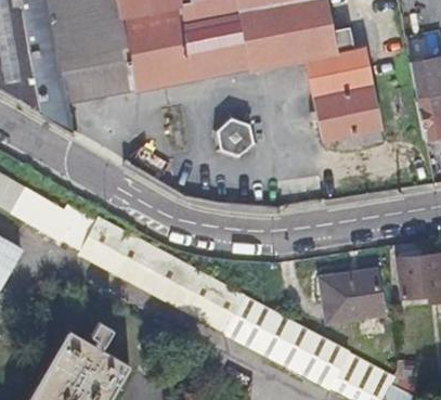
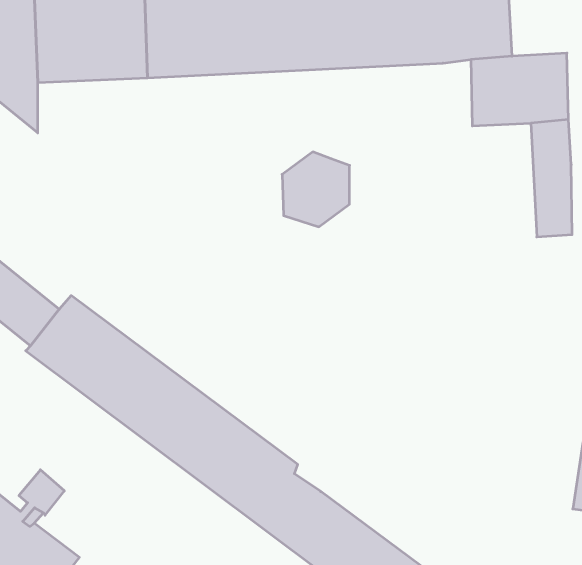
building: [313,82,359,151] -> none
building: [321,268,385,319] -> none

